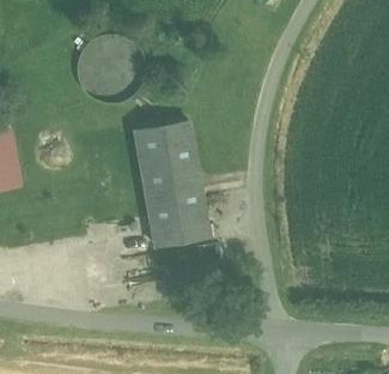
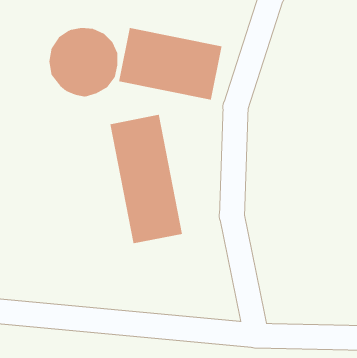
building: none -> [119,27,222,100]

